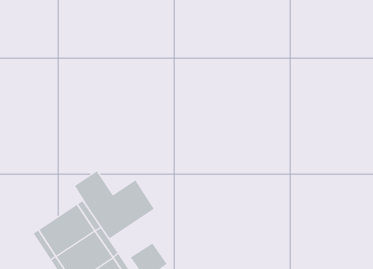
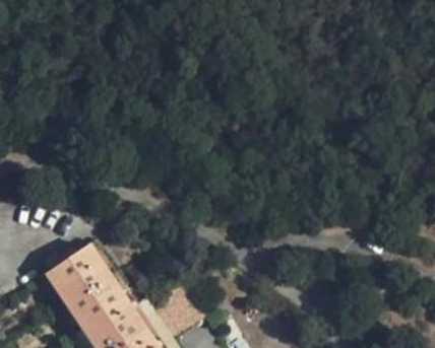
building: [74,170,154,239] -> none

